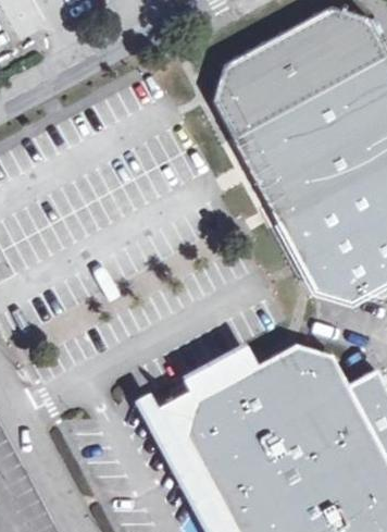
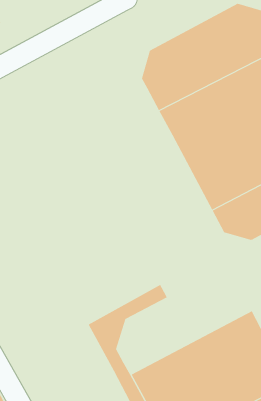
building: [178,347,347,471] -> none

